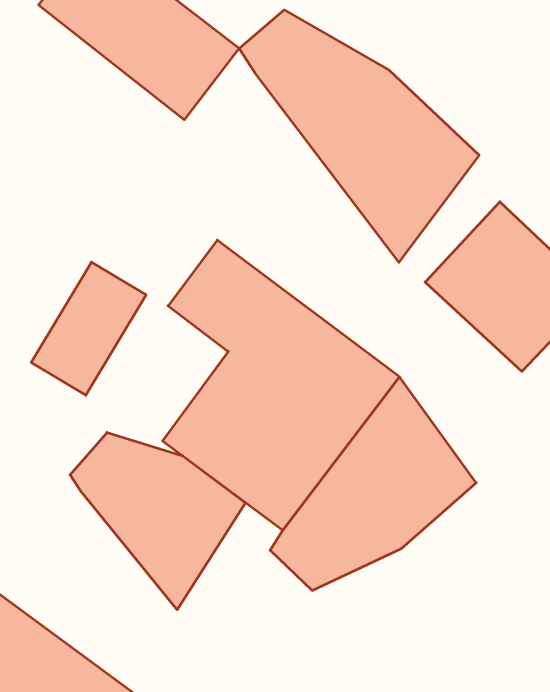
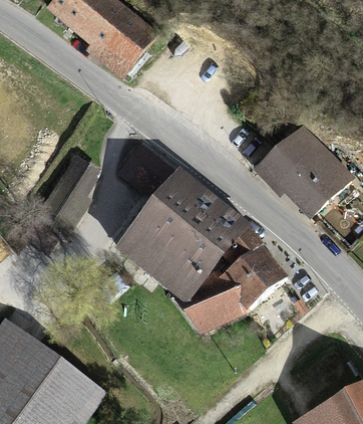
building: [239,10,479,262] -> none
building: [70,432,245,610] -> none

